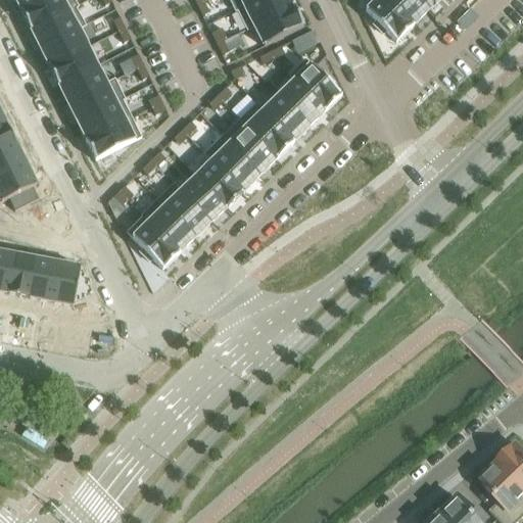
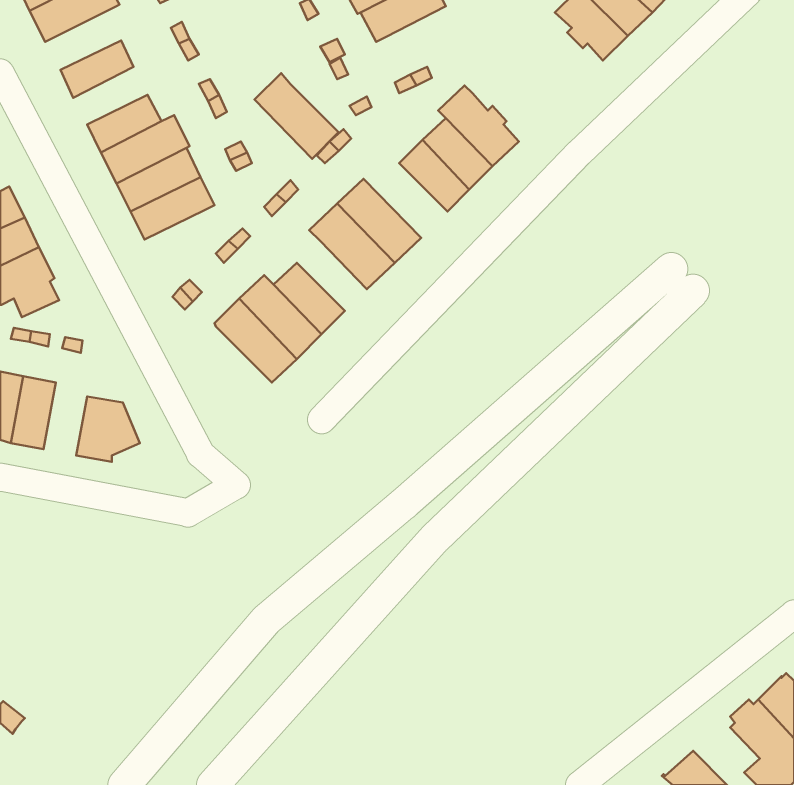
building: [30,4,86,46] -> none
building: [253,4,303,44] -> none
building: [48,44,97,82] -> none
building: [239,100,294,156] -> [255,73,339,159]
building: [195,158,241,204] -> none
building: [127,215,179,267] -> none
building: [29,251,58,299] -> none

